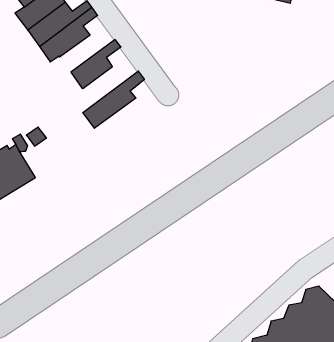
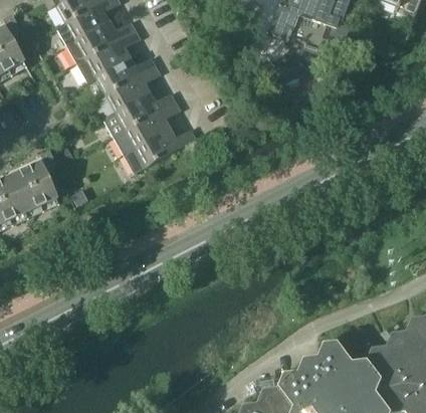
building: none -> [97,57,157,93]
building: none -> [104,92,177,137]
building: none -> [125,128,197,172]

